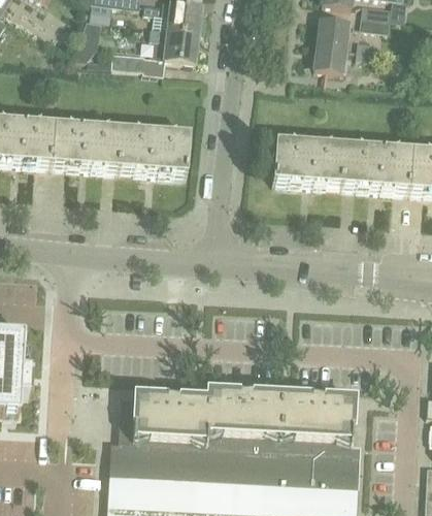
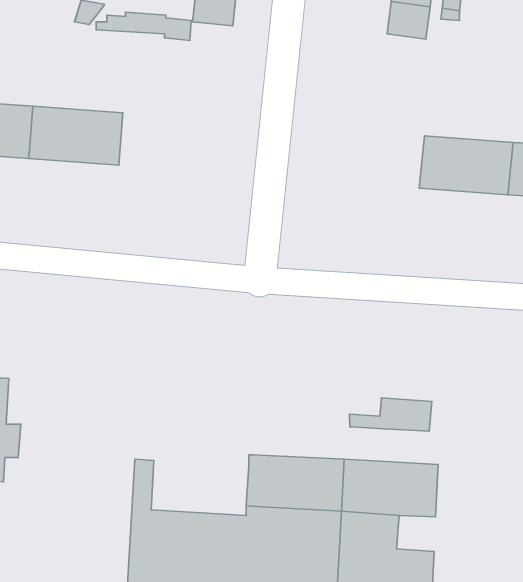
building: [109,123,191,168] -> none
building: [274,135,344,181] -> none
building: none -> [350,398,432,431]
building: [134,390,209,432] -> none
building: [323,432,353,460] -> none

